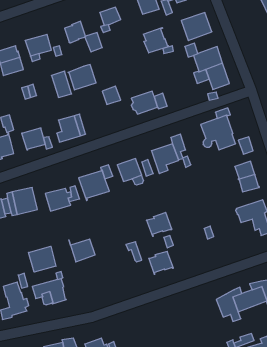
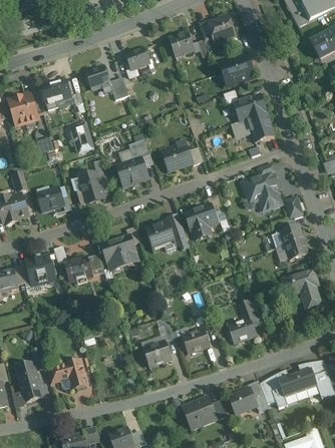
building: [143,28,169,53] -> none
building: [68,65,96,90] -> [115,157,147,186]
building: [146,212,172,236] -> [227,317,256,344]
building: [69,239,95,262] -> [140,341,171,367]
building: [29,246,56,272] -> none
building: none -> [230,380,269,414]
building: none -> [181,396,225,429]

